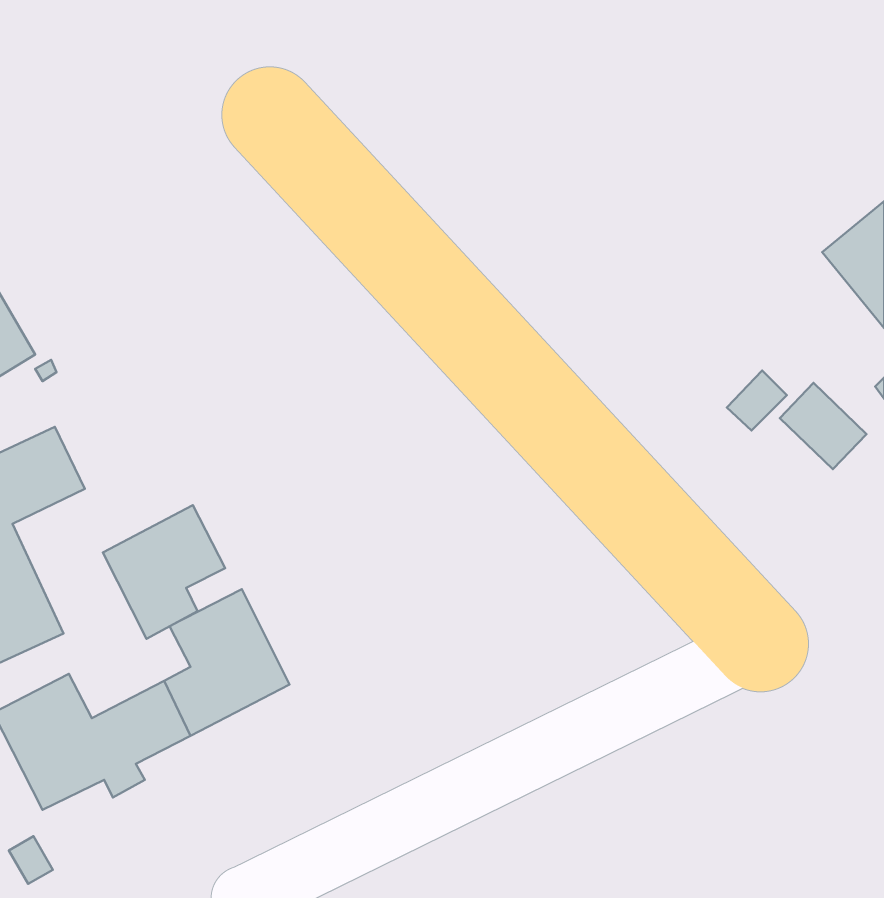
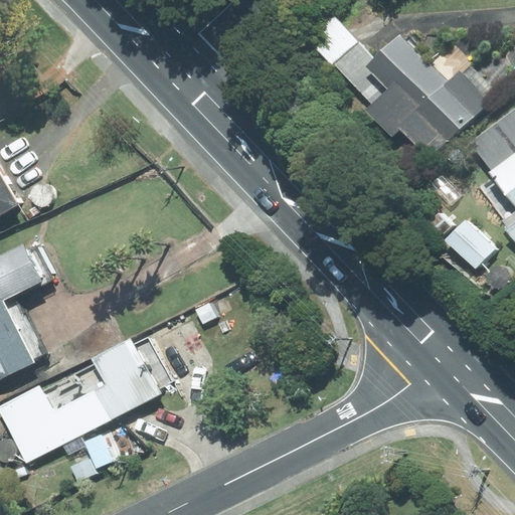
building: none -> [333,34,486,154]
building: [103,505,225,639] -> none

